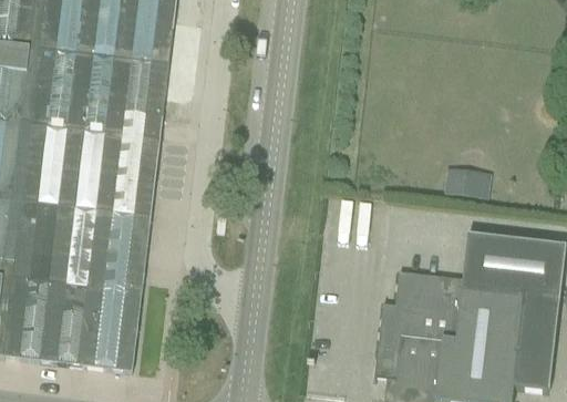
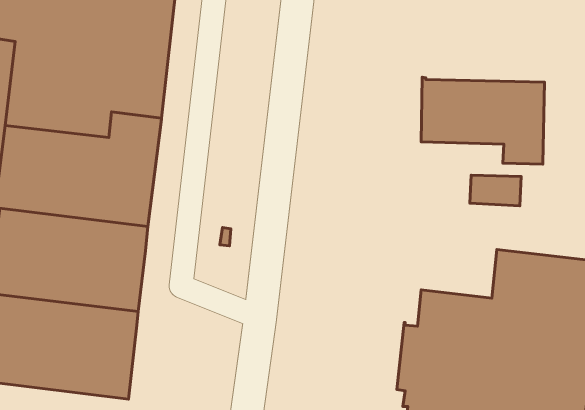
building: none -> [421,77,544,164]

